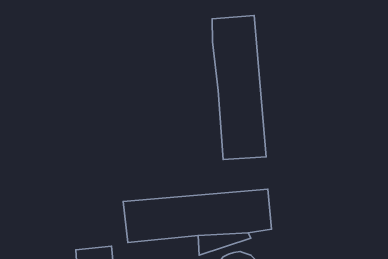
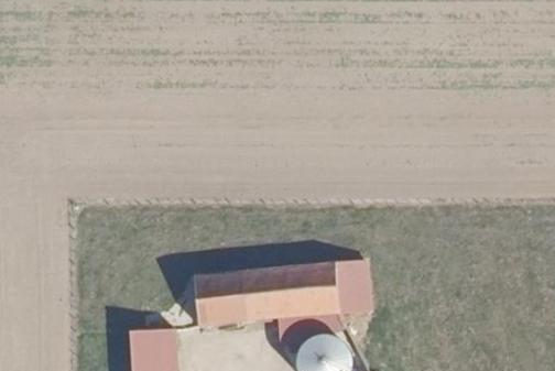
building: [212,15,266,160] -> none

